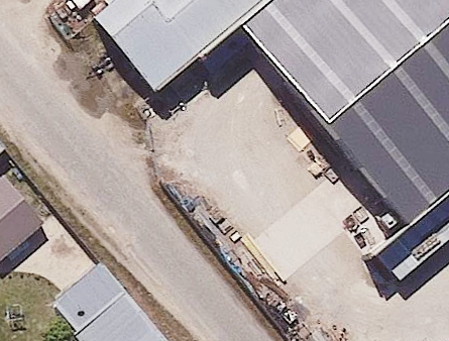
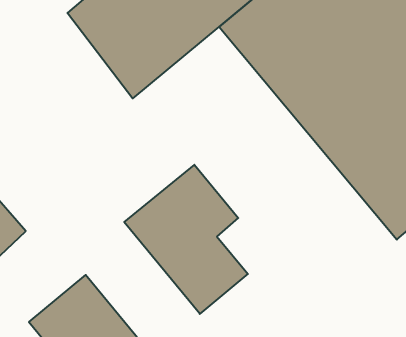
building: none -> [124,165,248,314]

